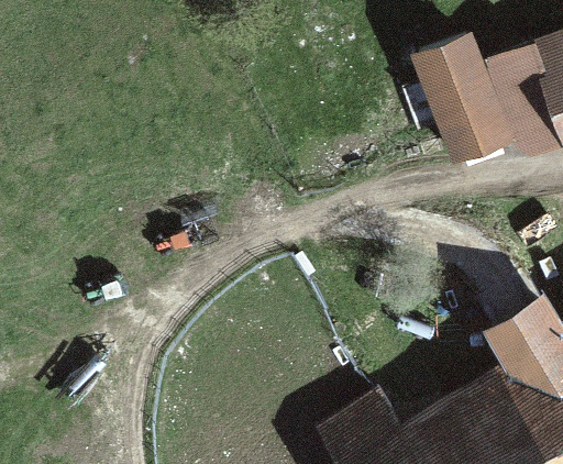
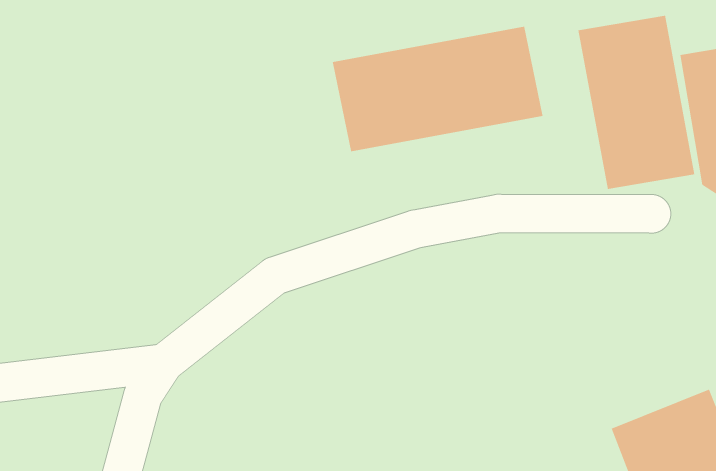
building: none -> [332,26,543,152]

